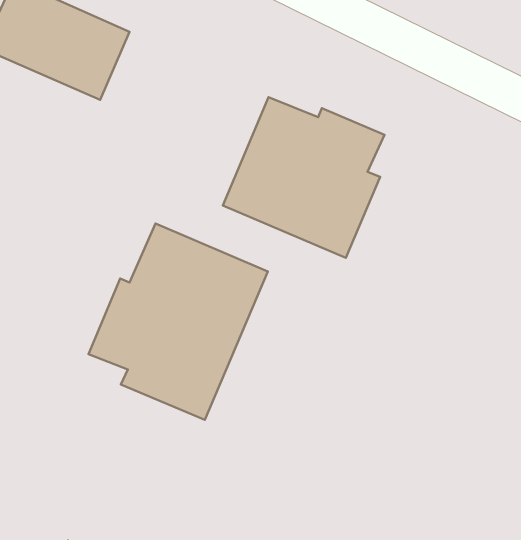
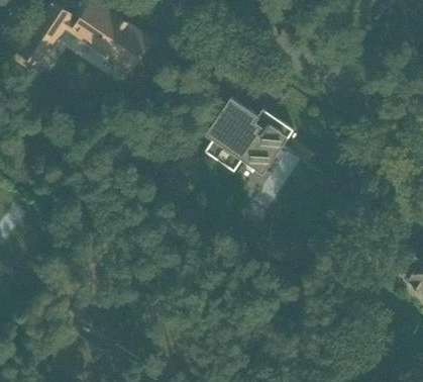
building: [88,224,268,420] -> none

